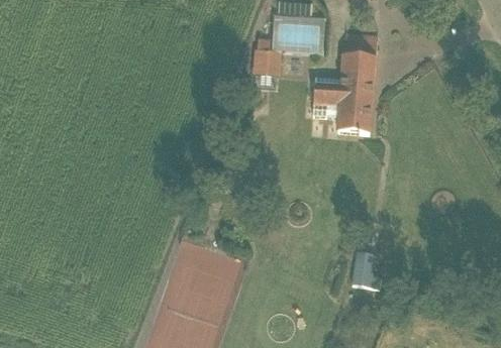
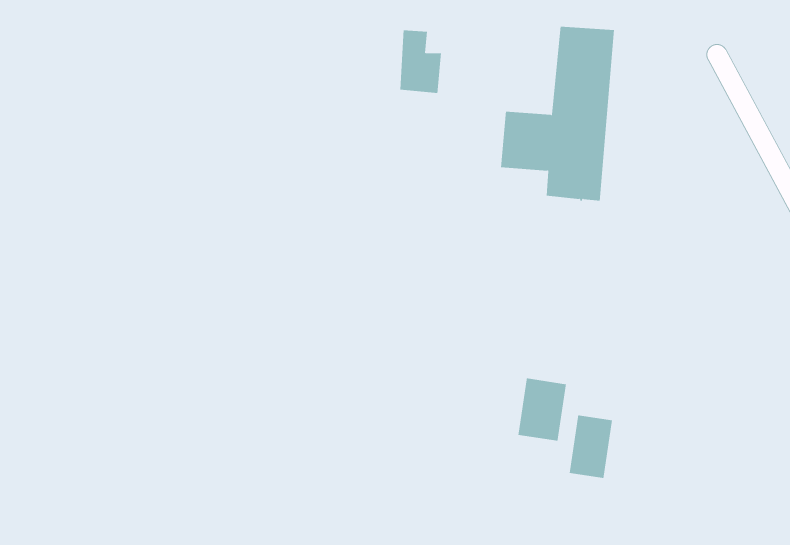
building: none -> [518,378,567,442]

